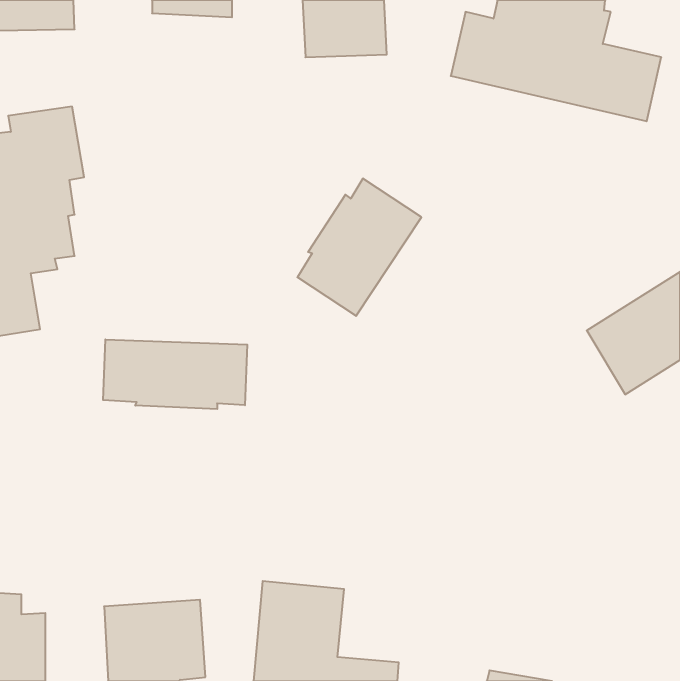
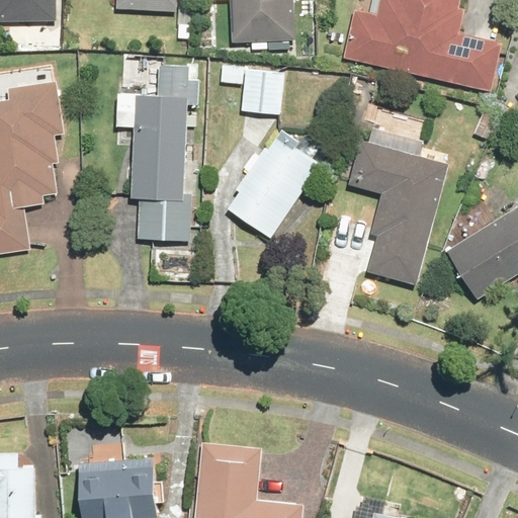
building: none -> [127,65,199,243]
building: none -> [240,69,286,115]
building: none -> [346,126,448,286]
building: [103,339,247,409] -> none

